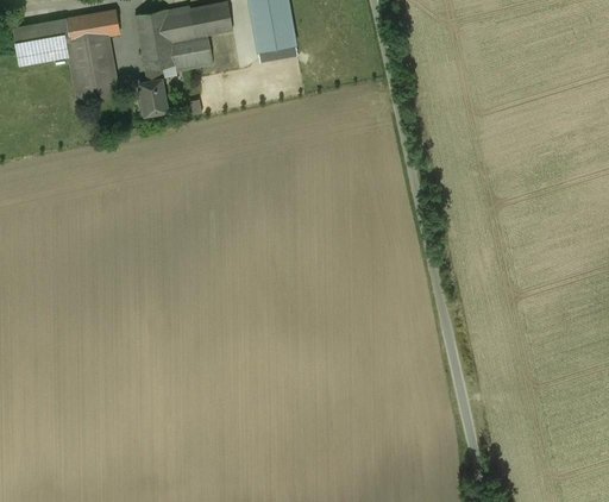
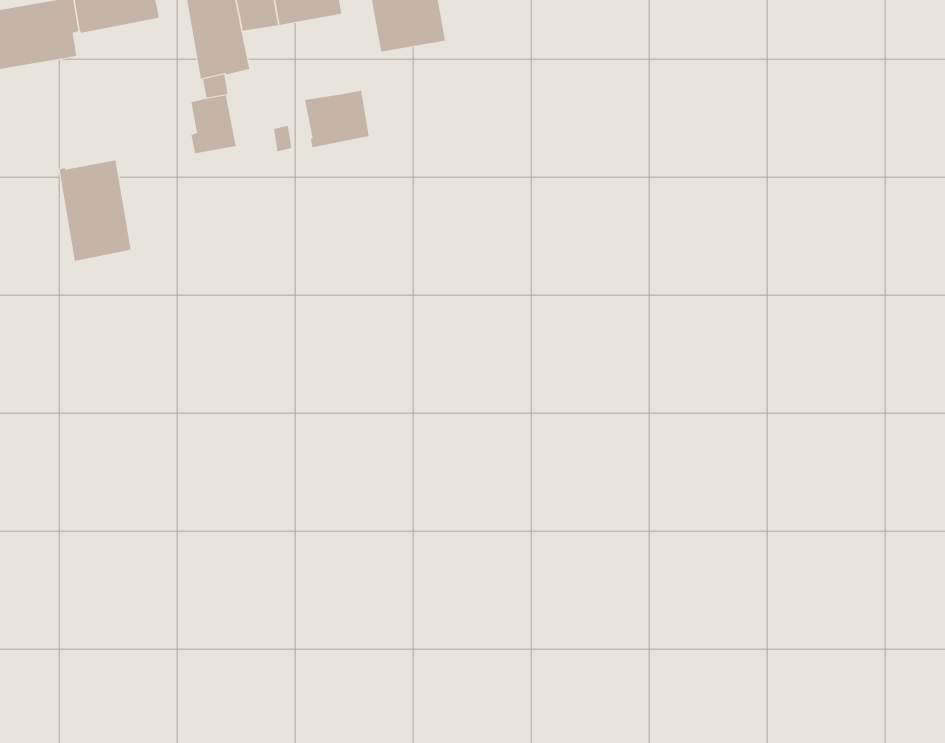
building: [171,34,212,70] -> [304,90,369,148]
building: [67,36,112,99] -> [59,160,132,261]

